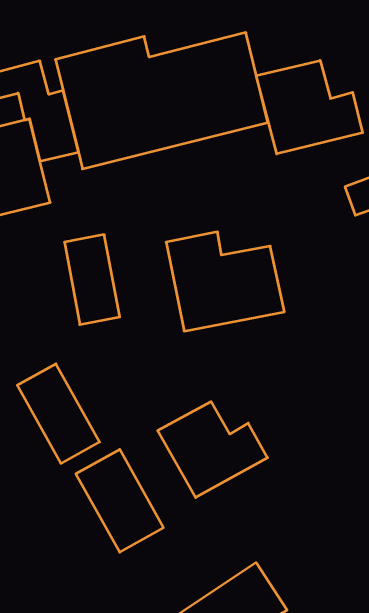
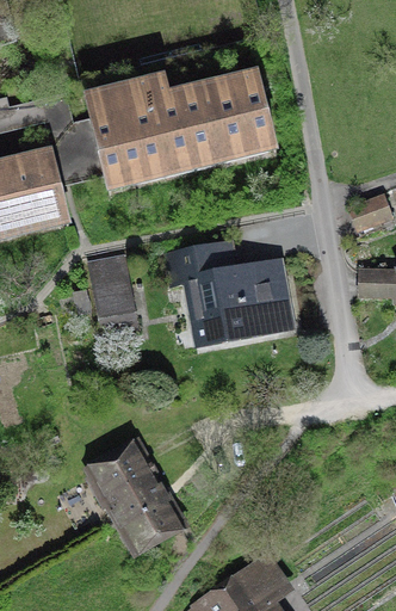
building: [256,60,363,154] -> none
building: [17,364,100,463] -> none
building: [158,402,268,498] -> none

